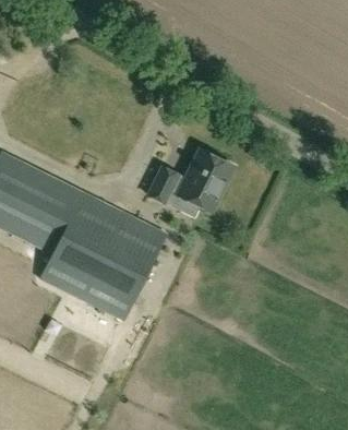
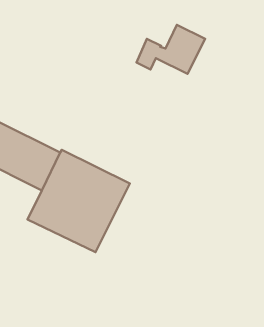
building: [147,146,232,207] -> [136,25,205,74]

